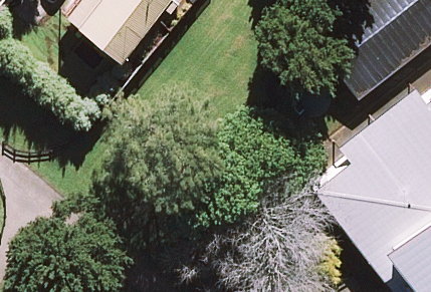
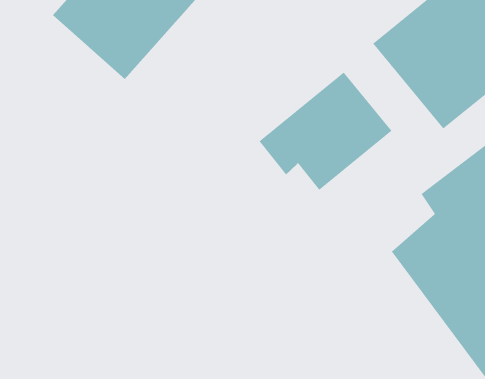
building: none -> [258,71,393,191]

